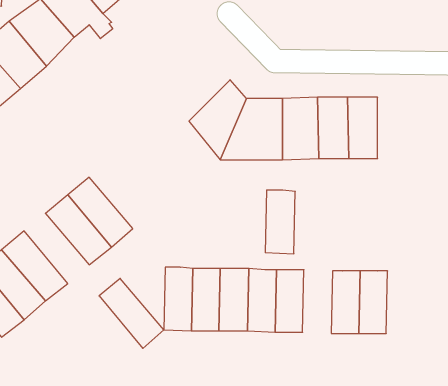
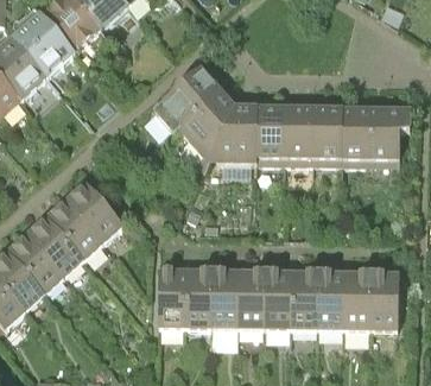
building: none -> [158,68,220,129]
building: none -> [360,106,414,165]
building: [265,190,295,254] -> [289,271,317,331]
building: none -> [368,272,397,333]
building: [99,278,164,348] -> [24,217,85,284]

